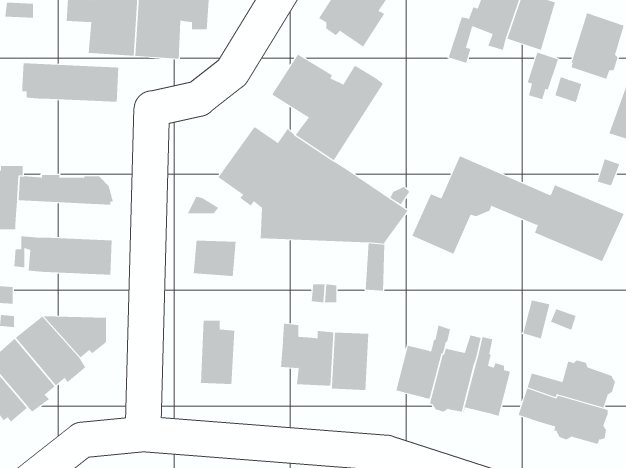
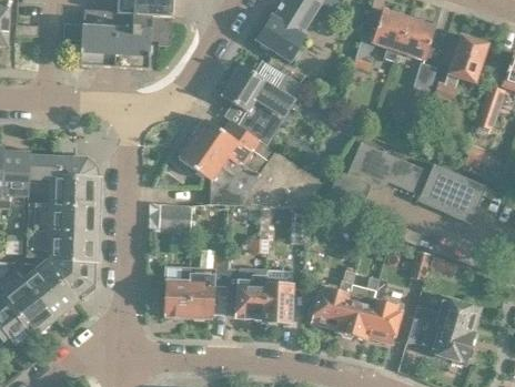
building: [21,63,119,102] -> [24,176,99,206]
building: none -> [27,230,97,259]
building: none -> [189,251,229,317]

